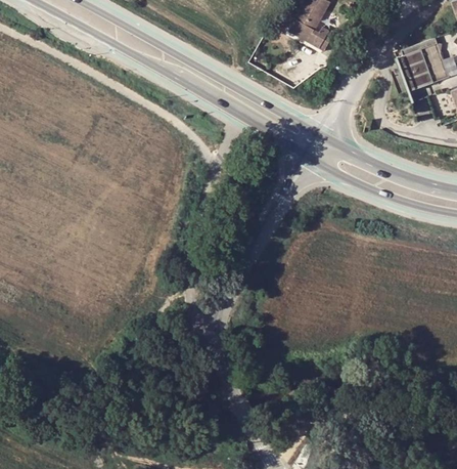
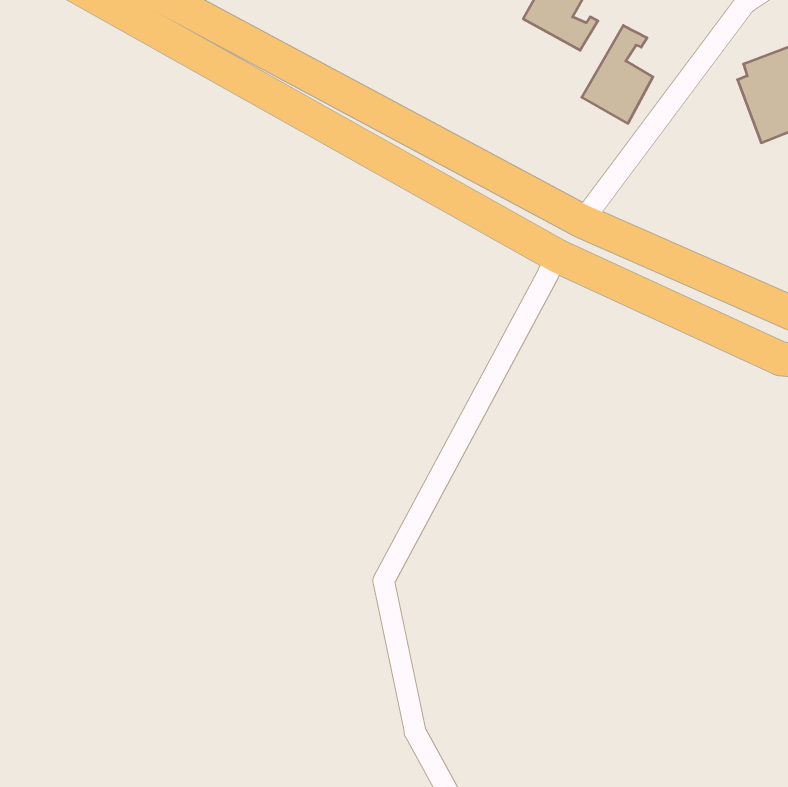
building: none -> [582,25,653,123]

